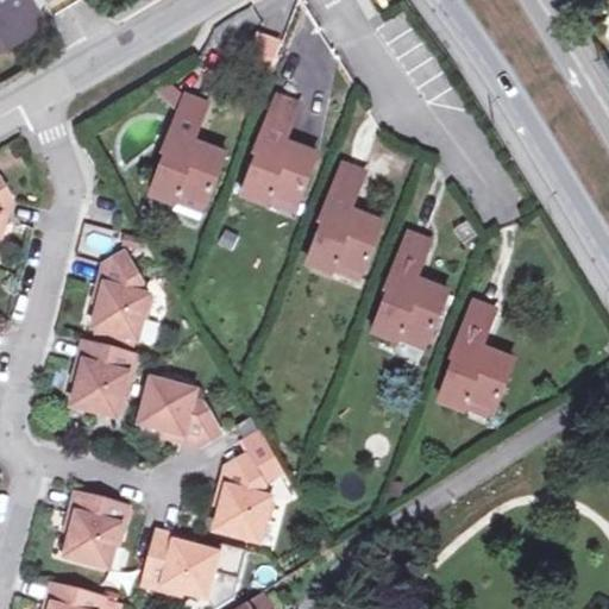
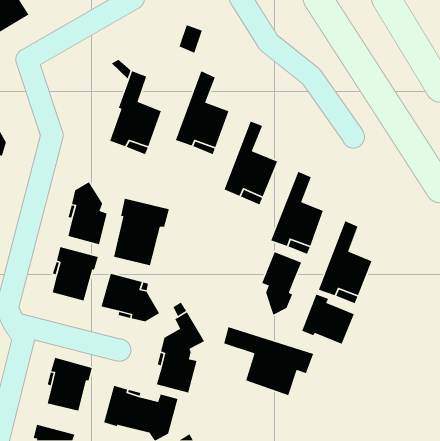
building: none -> [113,198,170,266]
building: none -> [261,251,302,316]
building: none -> [301,294,355,345]
building: none -> [223,326,314,396]

